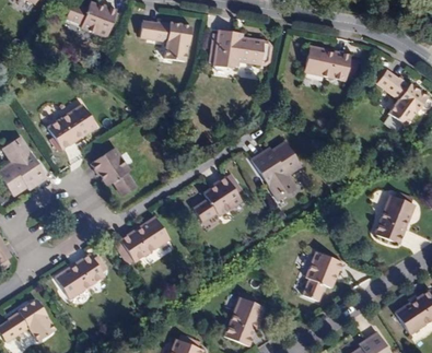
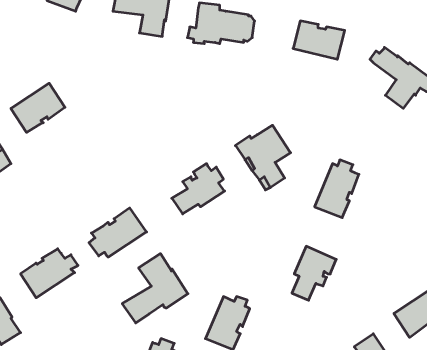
building: [90,148,136,196] -> none
building: [373,192,413,245] -> [315,160,359,218]
building: none -> [122,254,188,323]

